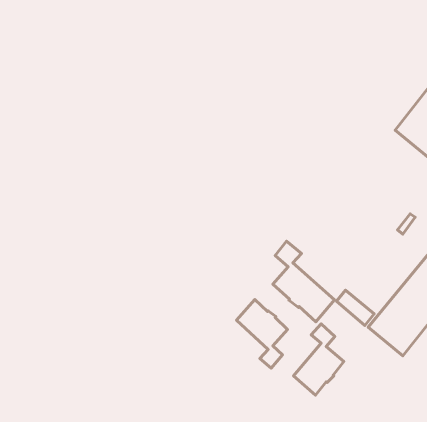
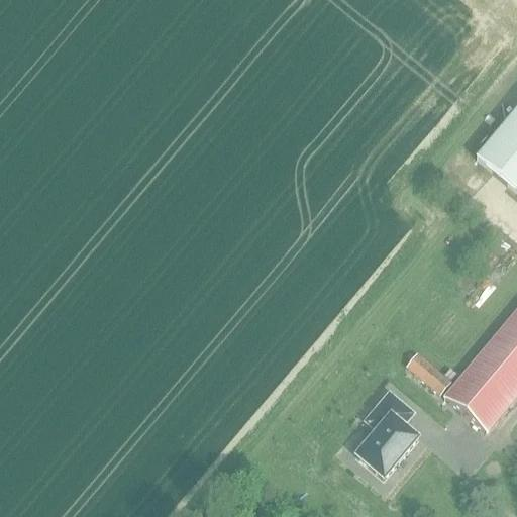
building: [273,241,335,322] -> none
building: [237,300,288,368] -> none

